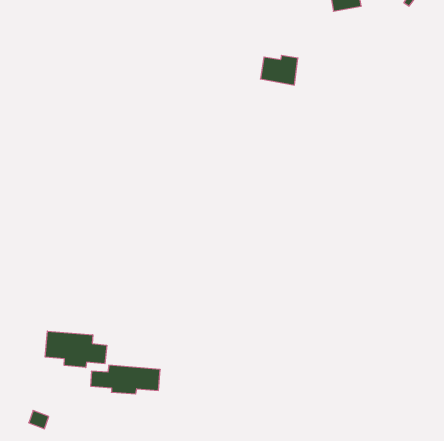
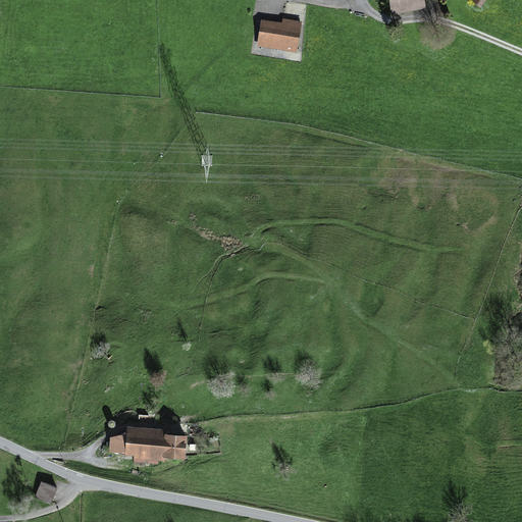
building: [260,55,298,85] -> [258,17,302,52]
building: [45,331,107,368] -> none

